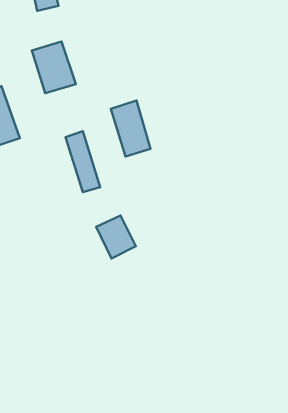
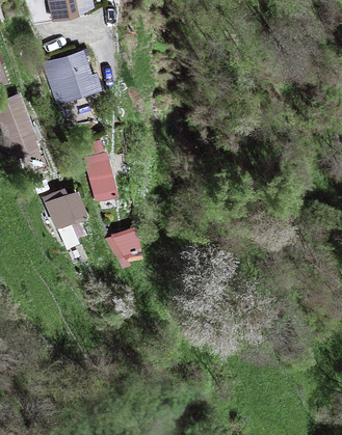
building: [111,100,151,157] -> none
building: none -> [44,188,83,227]

